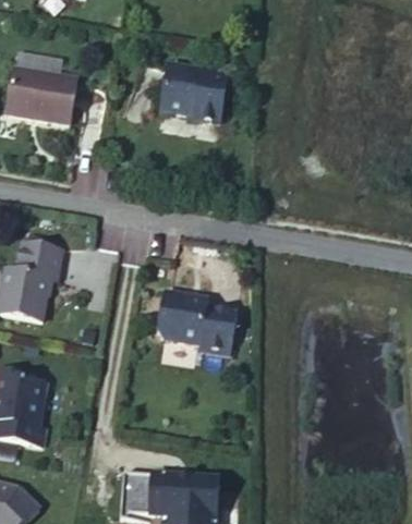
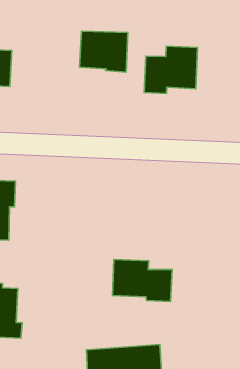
building: none -> [144,46,197,93]
building: [157,290,238,353] -> [113,260,172,301]

